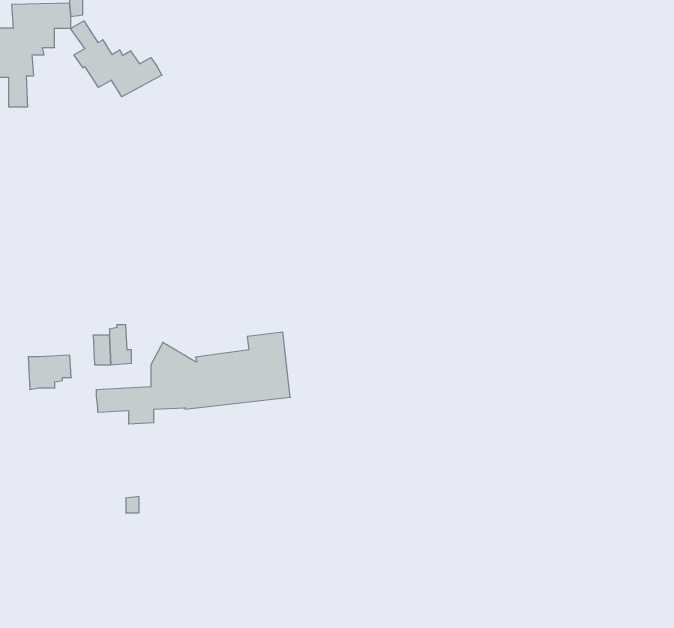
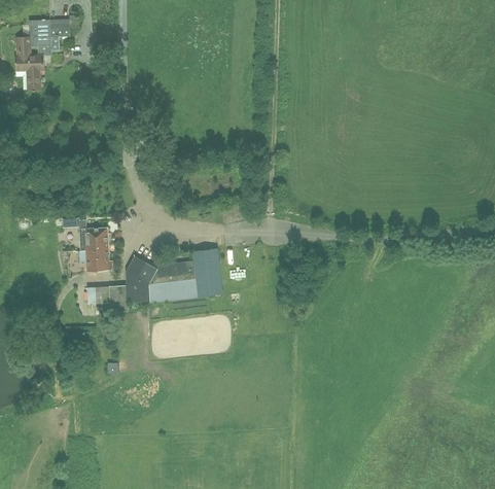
building: [71,21,162,97] -> none
building: [28,355,71,389] -> [78,228,108,251]

